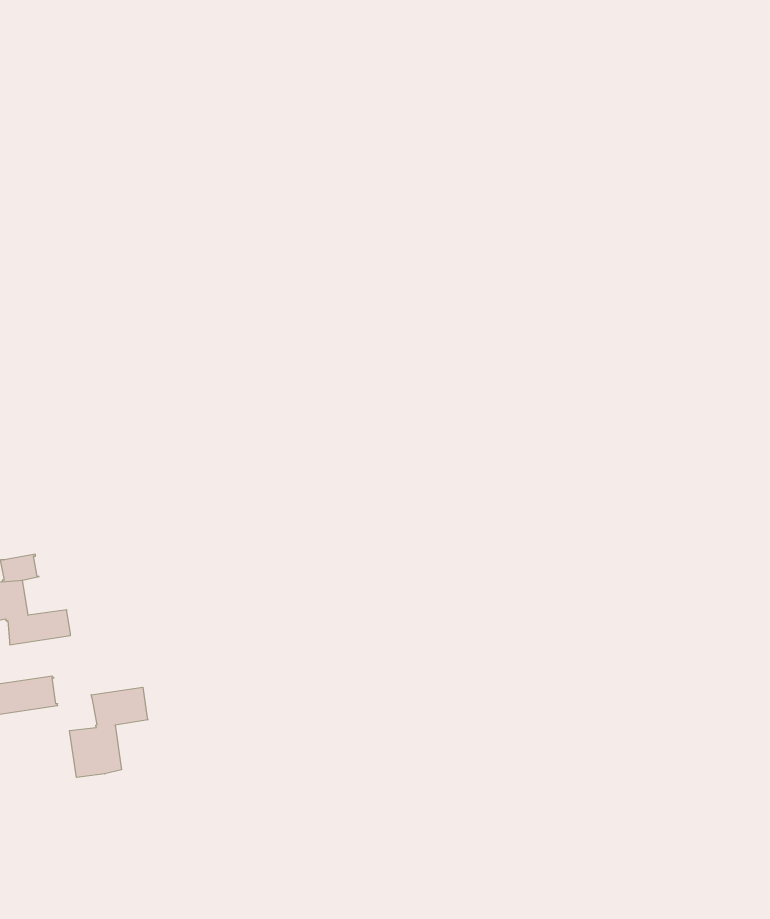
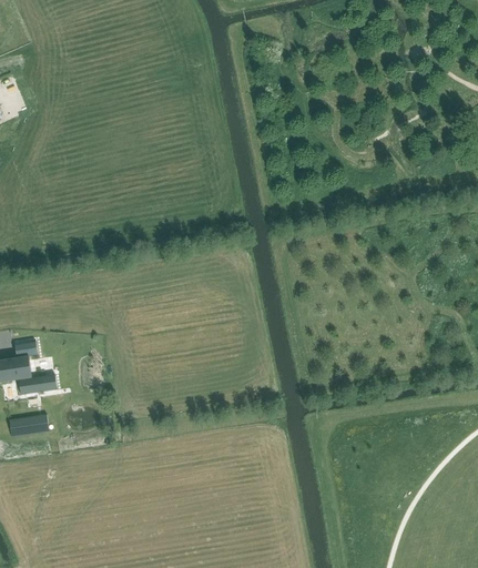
building: [69,687,148,777] -> none

